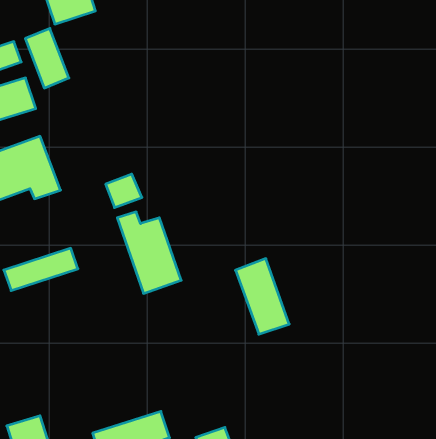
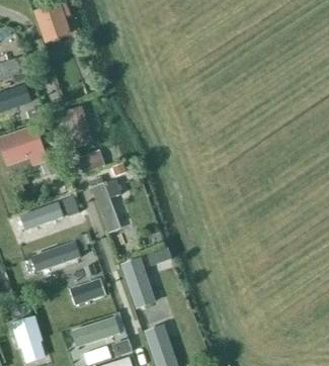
building: [25,28,69,88] -> [64,105,94,147]
building: [235,259,289,334] -> [119,257,157,309]
building: none -> [30,243,81,270]
building: none -> [69,277,106,305]

